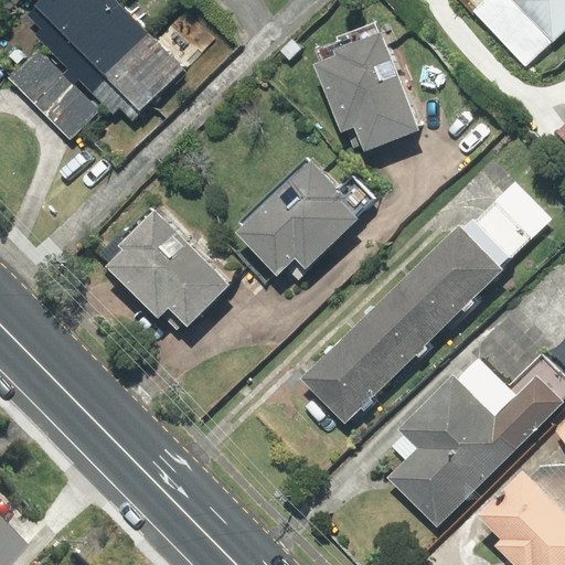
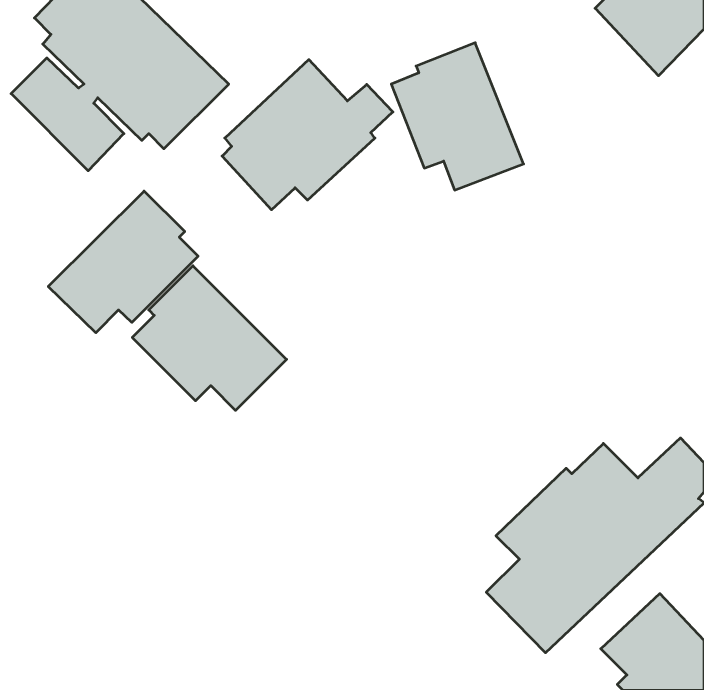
building: none -> [48,191,198,333]
building: [237,158,374,278] -> [222,60,393,210]
building: [301,181,552,424] -> none

